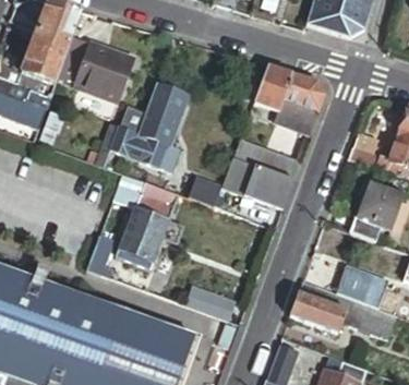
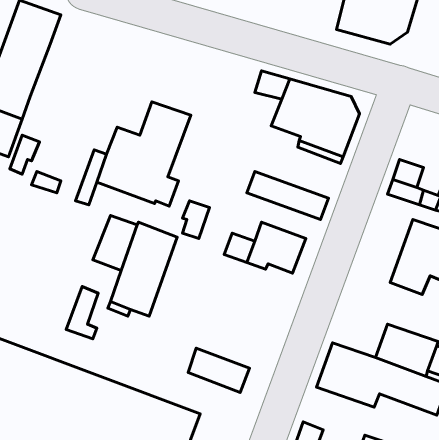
building: [57,37,133,103] -> none

